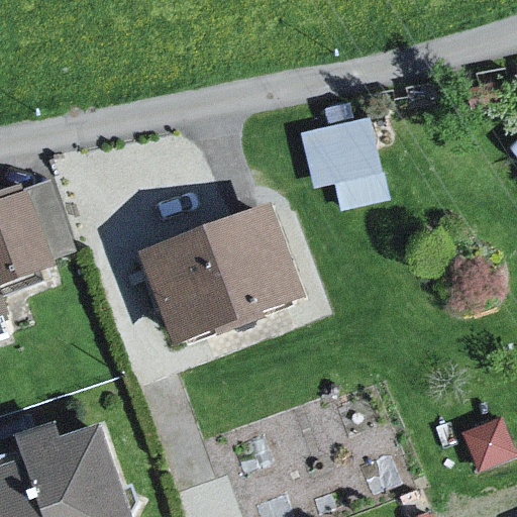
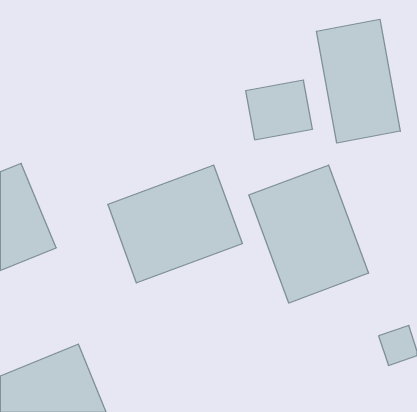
building: none -> [316,19,400,143]
building: none -> [249,165,368,303]

